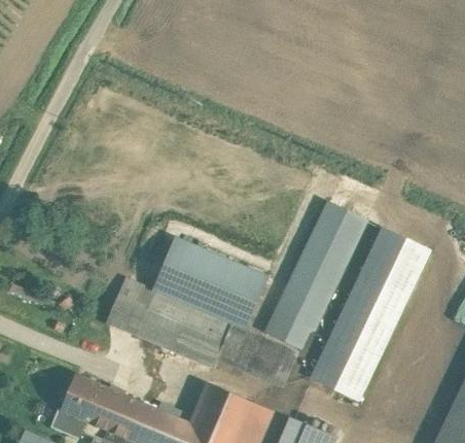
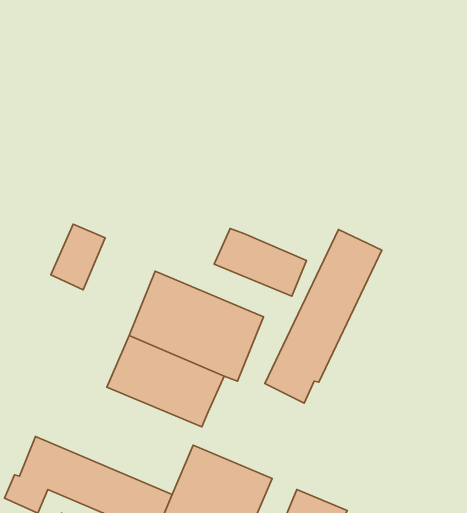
building: [312,229,427,399] -> none
building: [108,279,153,334] -> [51,224,105,290]
building: [219,325,296,381] -> [214,228,307,296]

